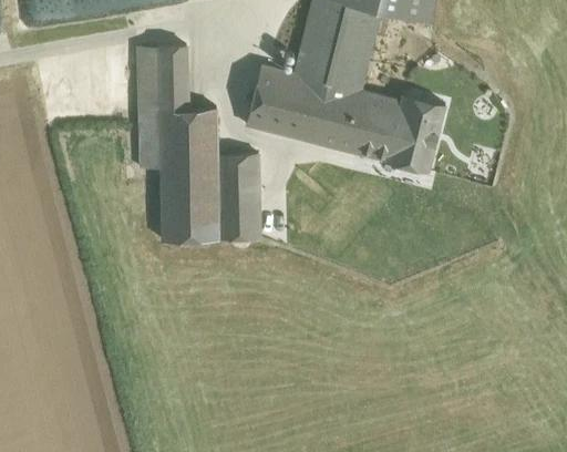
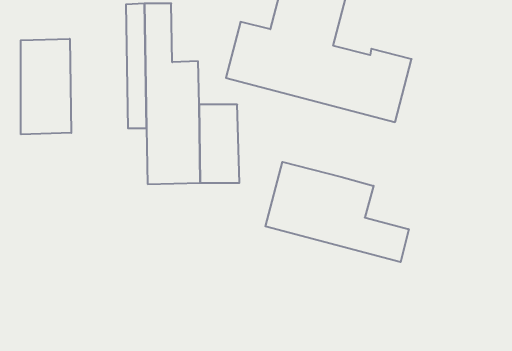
building: none -> [21,39,71,134]
building: none -> [265,162,409,262]

